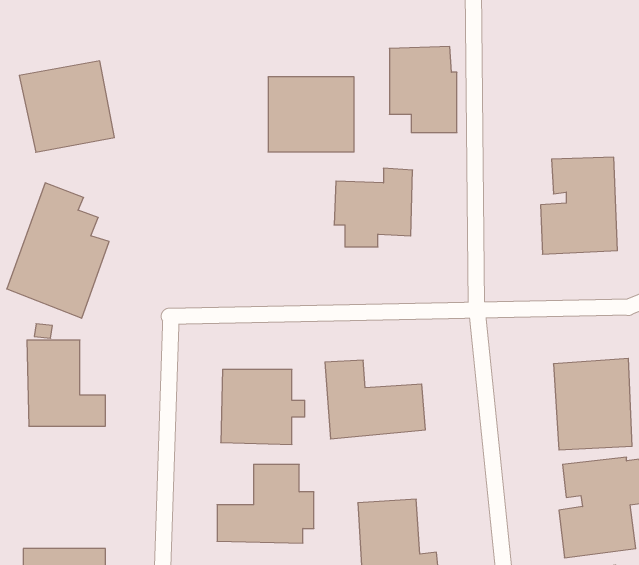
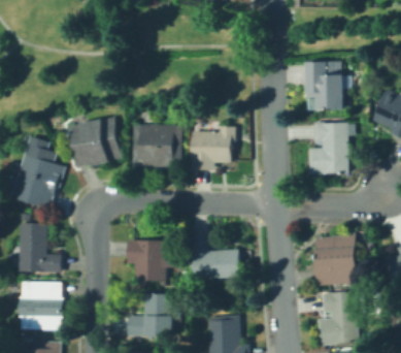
building: [389,47,457,133] -> [305,60,343,108]
building: [19,61,114,152] -> [67,119,121,170]
building: [268,77,354,152] -> [132,126,180,168]
building: none -> [21,282,61,331]

